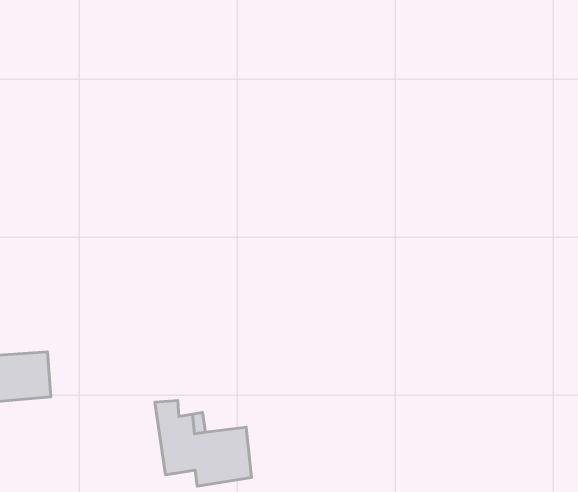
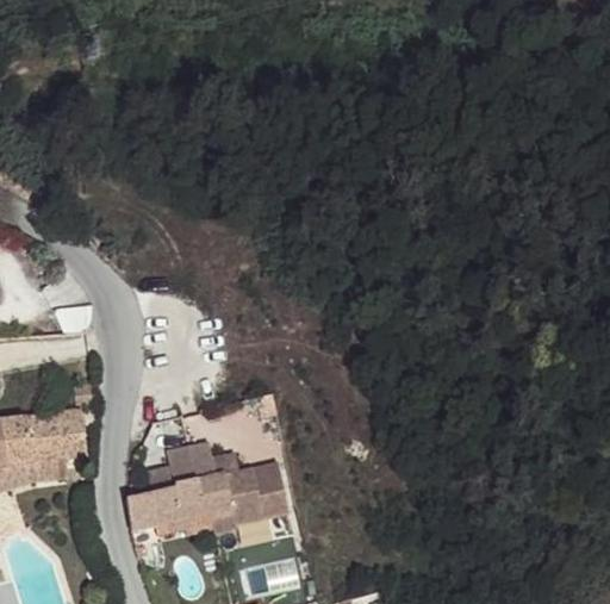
building: none -> [123,449,203,536]

